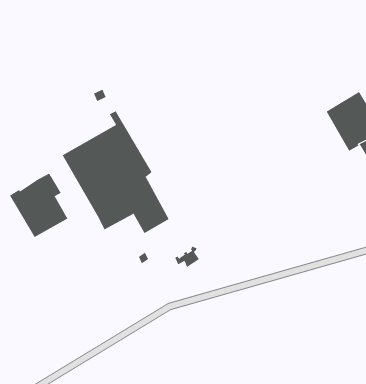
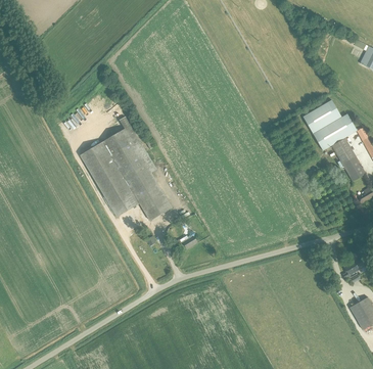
building: [9,173,68,238] -> none

